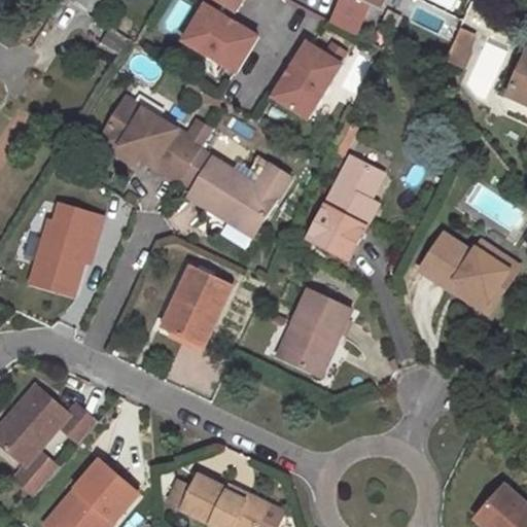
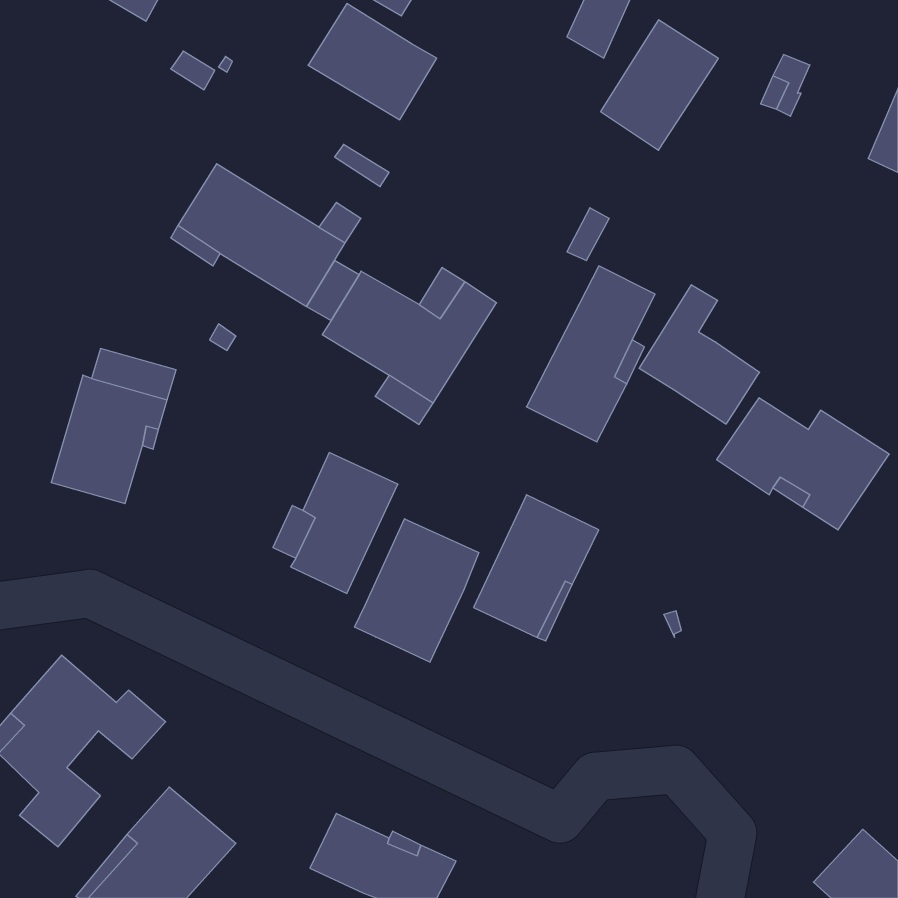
building: [273,41,342,117] -> [601,20,718,150]
building: none -> [639,285,760,424]
building: none -> [355,519,479,662]

